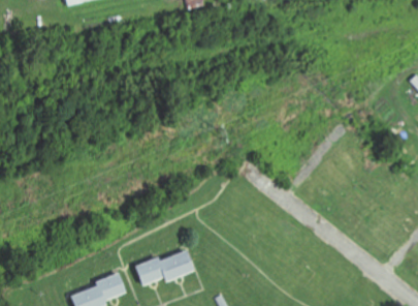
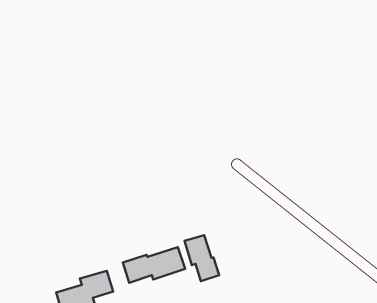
building: none -> [184,235,219,281]

